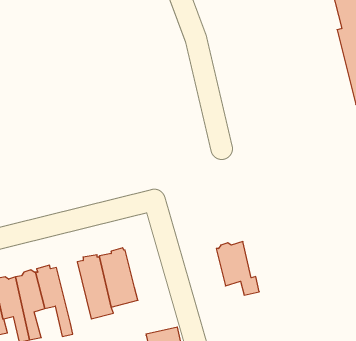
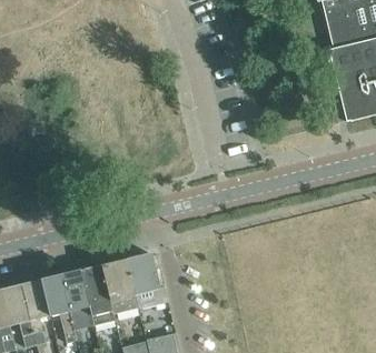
building: [216,242,259,295] -> [127,253,168,304]
building: none -> [61,269,95,330]

